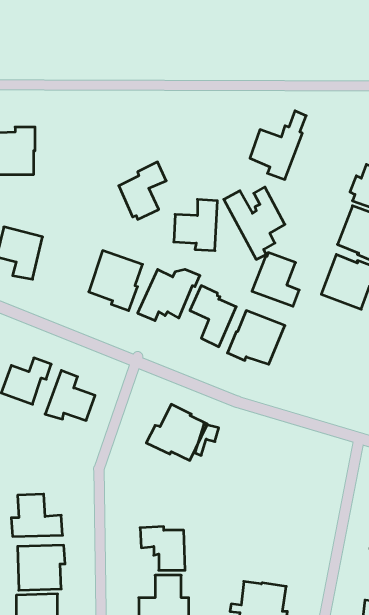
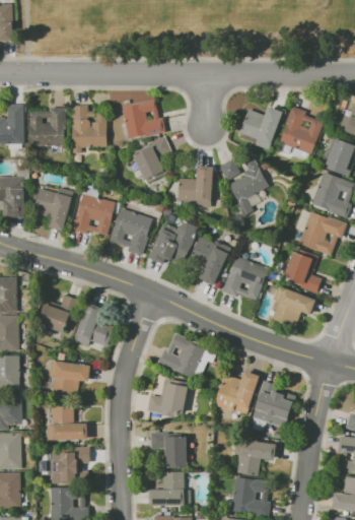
building: none -> [122,98,165,138]
building: none -> [71,106,106,152]
building: none -> [279,106,323,160]
building: none -> [72,193,116,236]
building: [252,253,299,306] -> [282,248,321,291]
building: none -> [271,285,314,327]
building: none -> [41,360,89,395]
building: none -> [213,371,259,414]
building: none -> [146,377,189,417]
building: none -> [251,380,295,428]
building: none -> [234,438,276,475]

